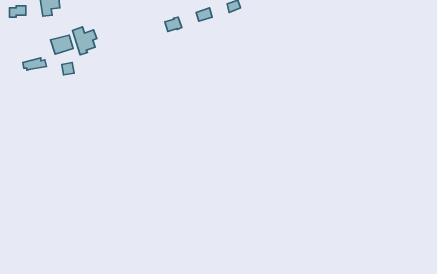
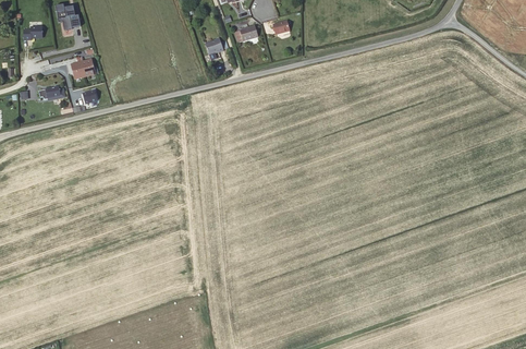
building: [73,27,97,55] -> none

